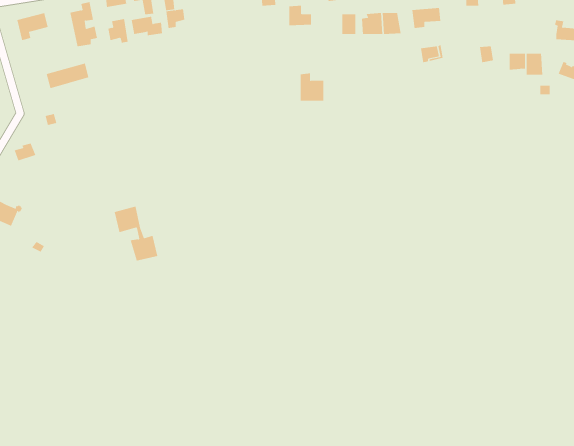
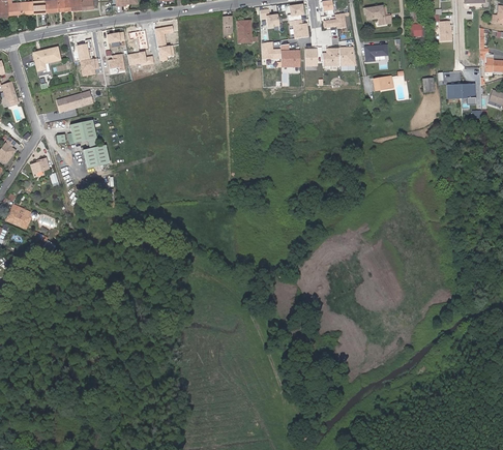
building: [300,73,324,101] -> [280,43,301,67]
building: [114,206,158,261] -> [69,119,107,166]

